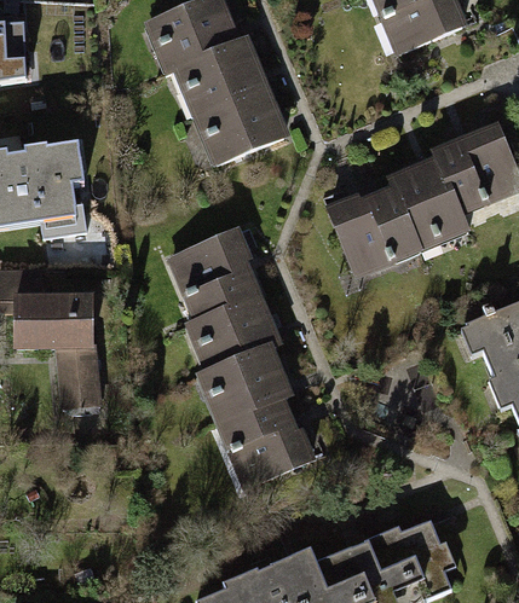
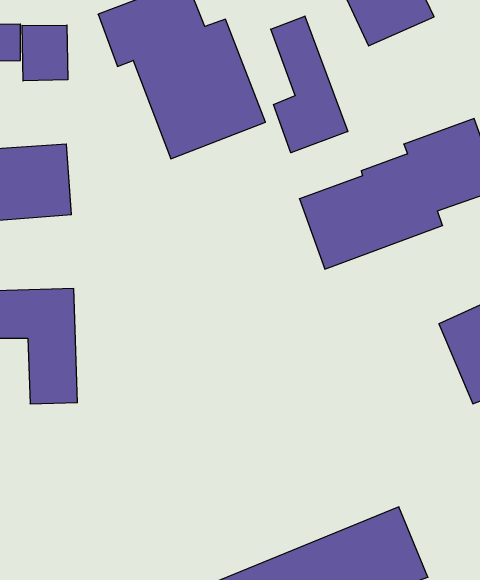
building: none -> [271,16,348,153]
building: none -> [22,25,68,81]
building: [169,231,333,492] -> none

